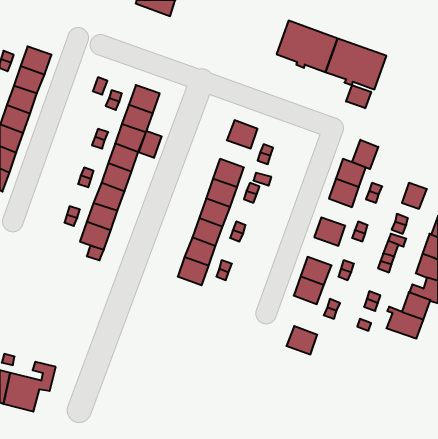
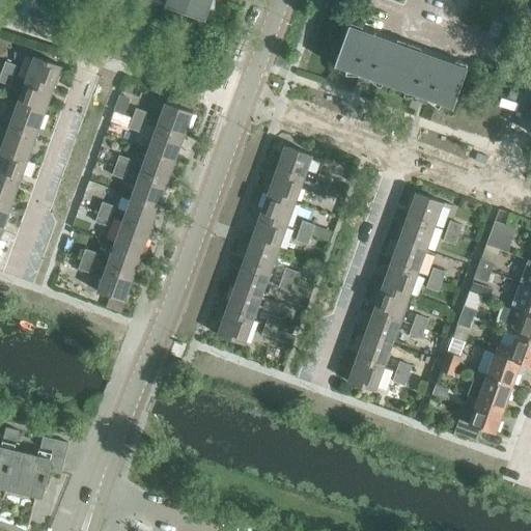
building: [346,85,371,108] -> none
building: [139,131,162,158] -> none
building: [352,140,378,169] -> none
building: none -> [266,169,303,202]
building: none -> [388,240,425,273]
building: none -> [371,286,409,320]
building: [286,326,317,354] -> [345,357,383,391]
building: none -> [453,396,503,441]

